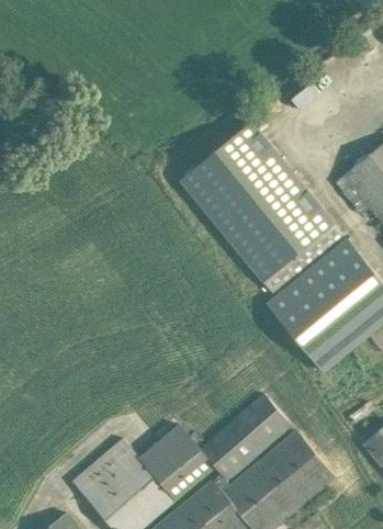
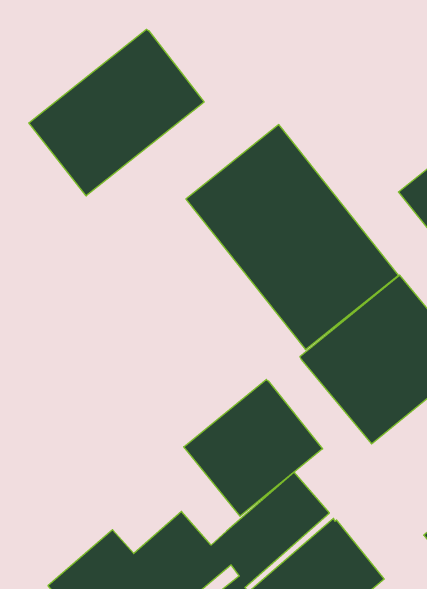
building: none -> [29,29,204,196]
building: none -> [184,379,323,516]

